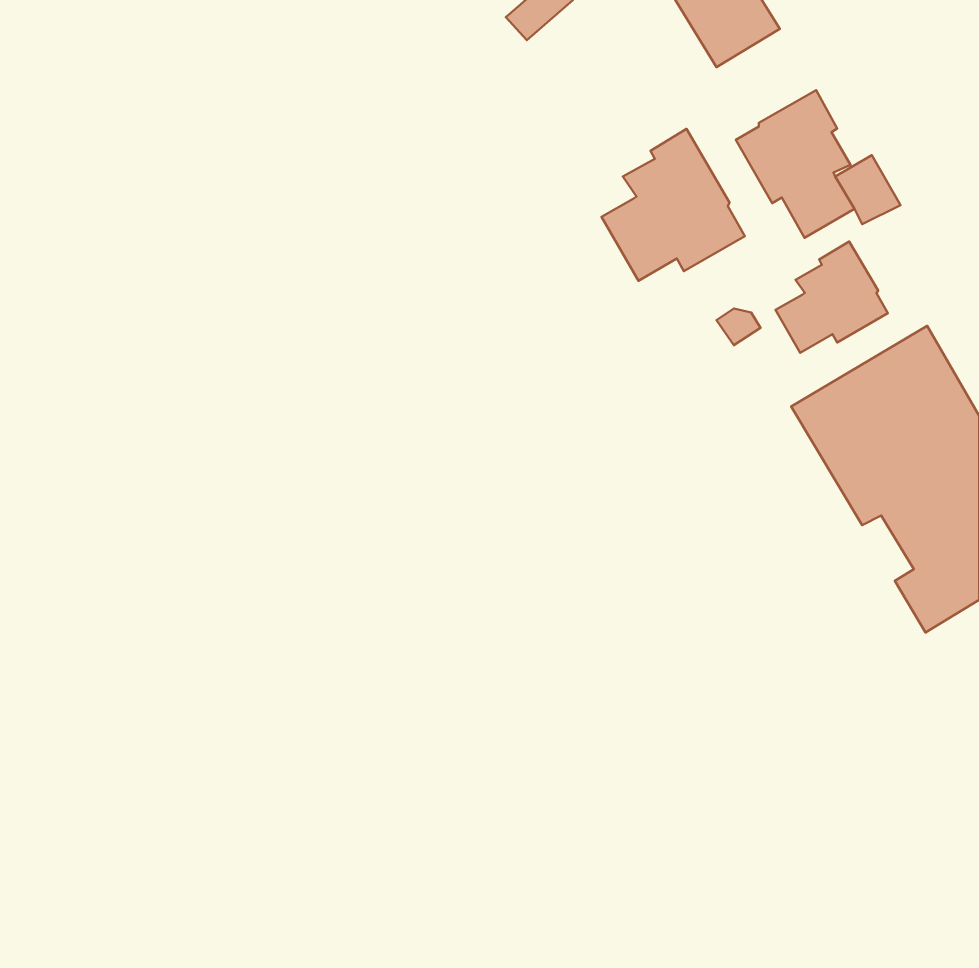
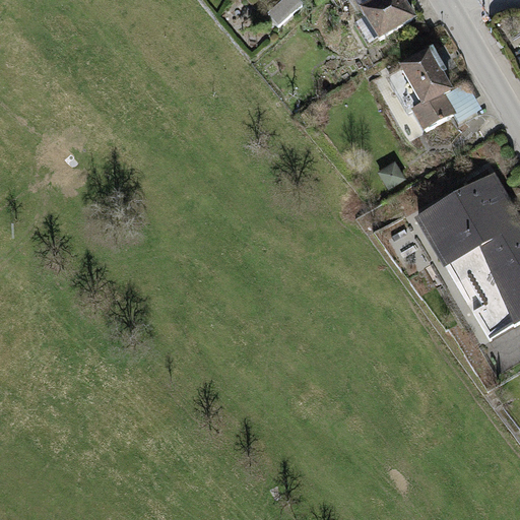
building: [601,129,745,281] -> none
building: [776,241,888,353] -> none

